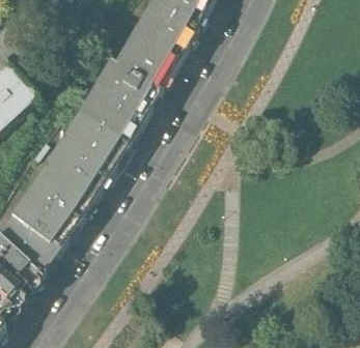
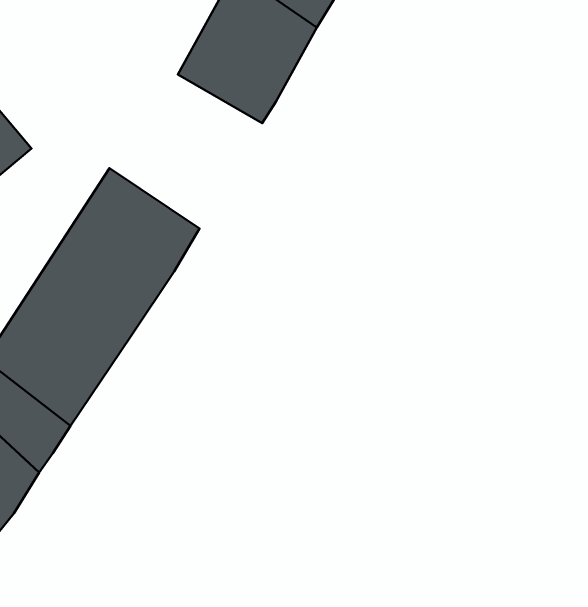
building: [78,61,159,146] -> none

